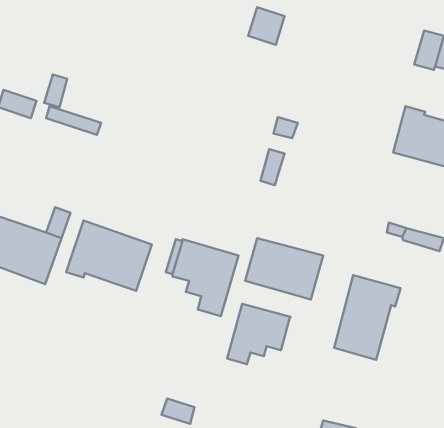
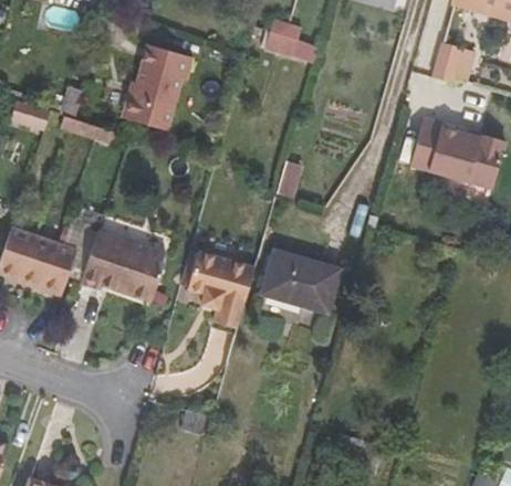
building: none -> [123,43,192,129]
building: [334,275,400,360] -> none
building: [227,304,291,364] -> none

